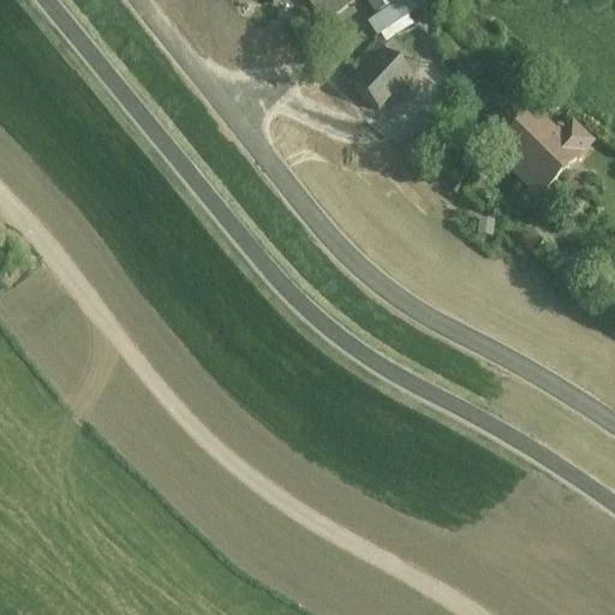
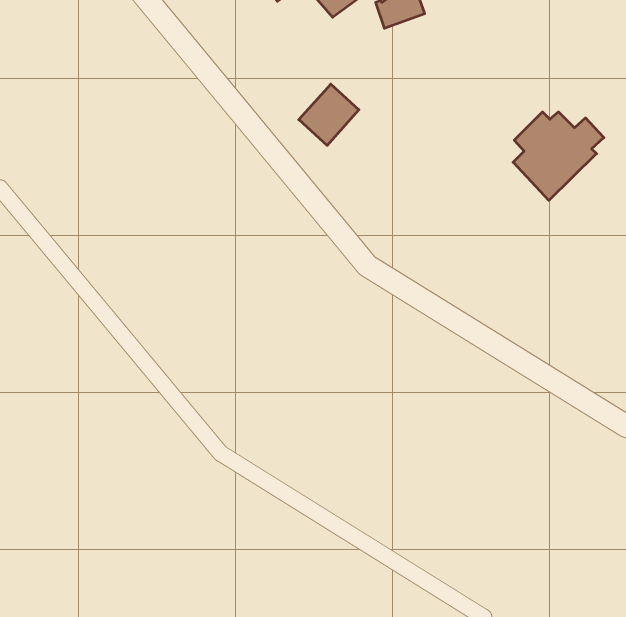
building: [354,40,413,100] -> [299,84,359,145]

